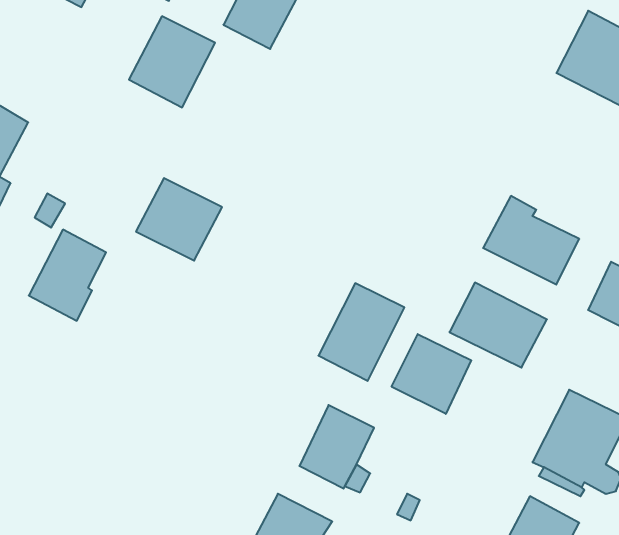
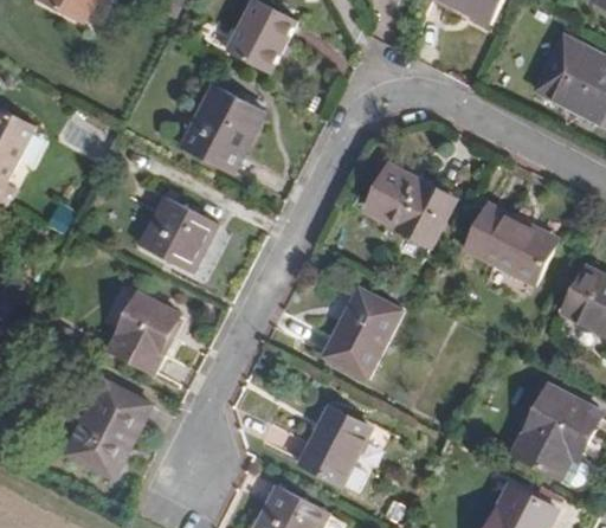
building: [129,16,215,107] -> [188,84,269,169]
building: [29,230,106,321] -> [105,289,178,374]
building: [449,283,547,368] -> [360,167,451,246]
building: [392,334,471,414] -> none
building: none -> [63,379,144,475]

